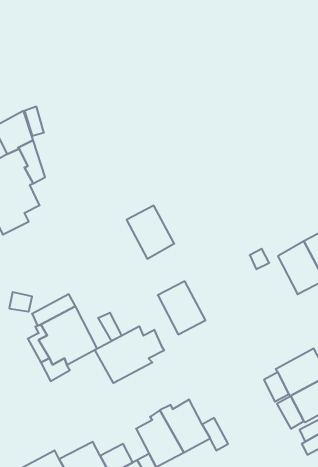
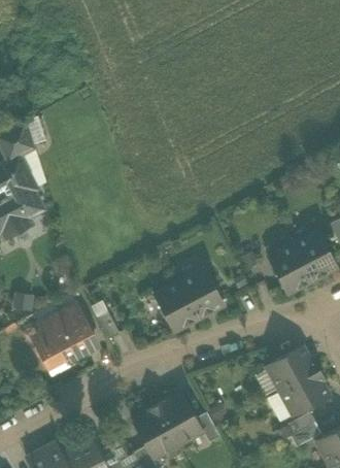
building: [127,206,174,259] -> [179,269,225,320]
building: [95,326,164,383] -> none

